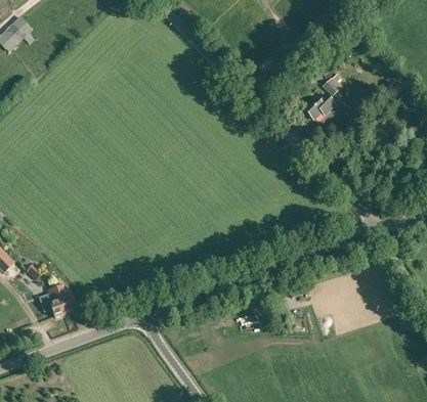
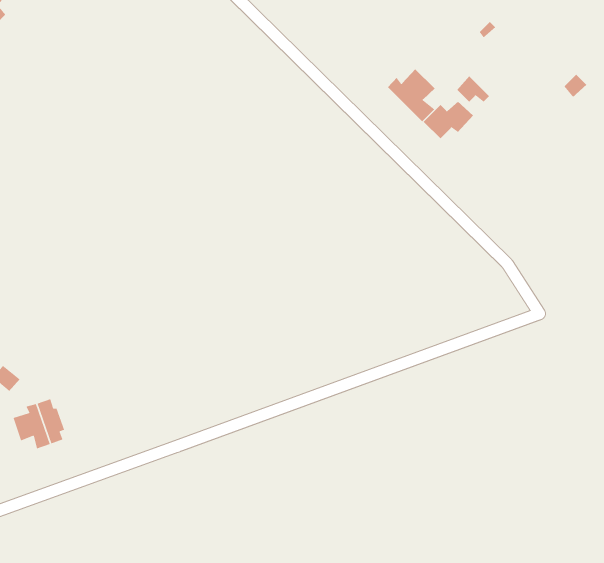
building: none -> [387,68,436,122]

